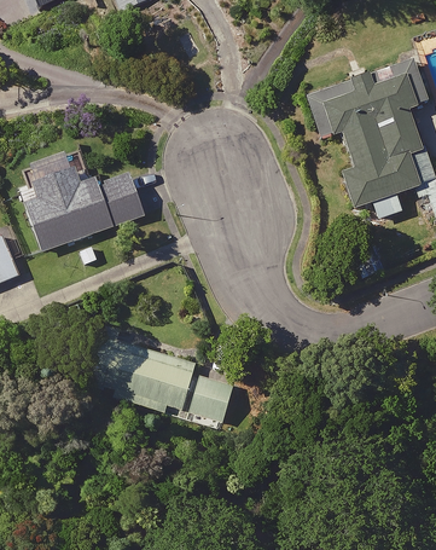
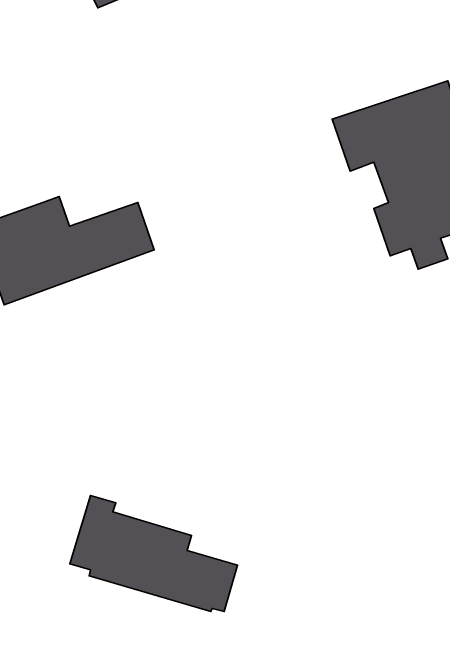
building: [97,330,233,424] -> [70,496,237,611]

